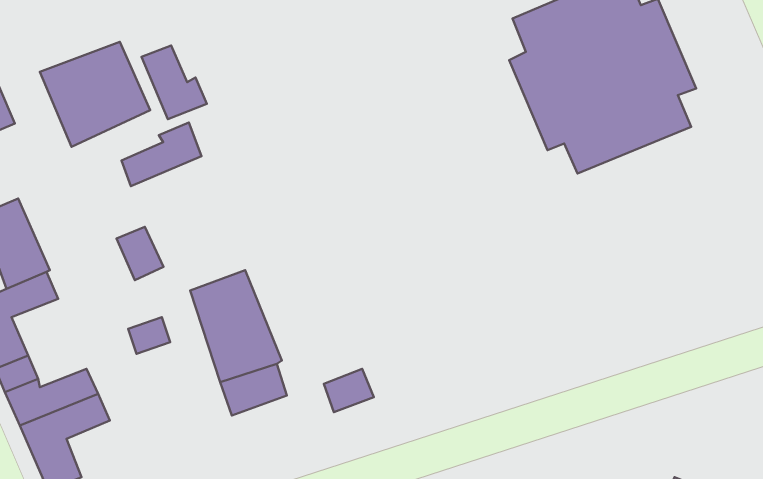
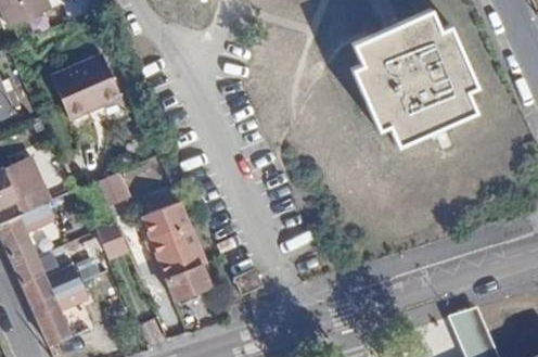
building: [142,46,207,119] -> none
building: [121,122,202,186] -> none

